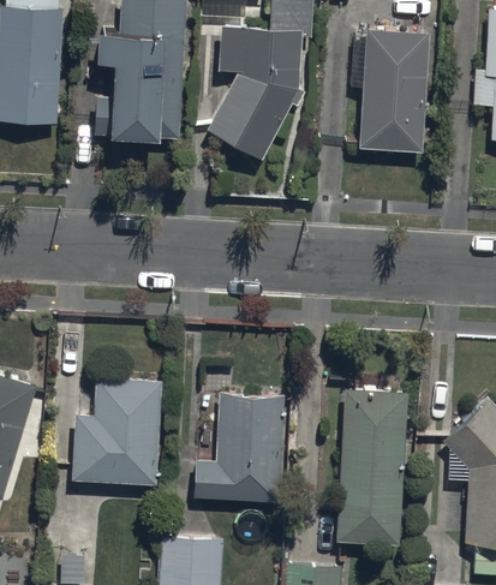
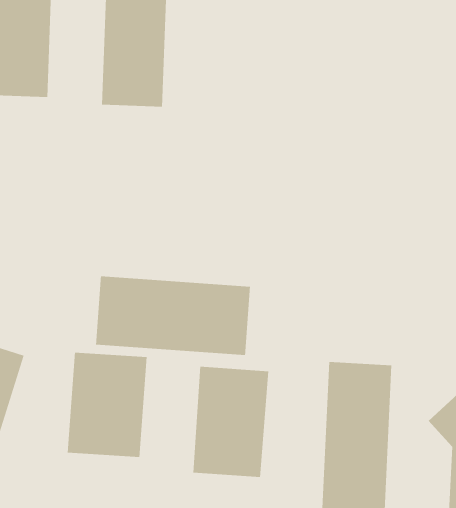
building: [209,29,297,160] -> none
building: [352,31,428,153] -> none
building: none -> [96,276,250,356]

